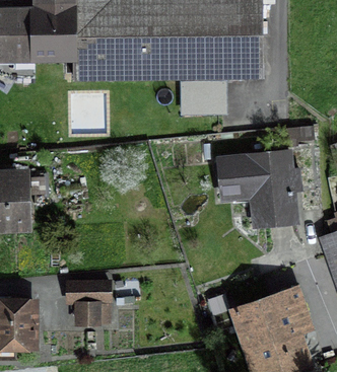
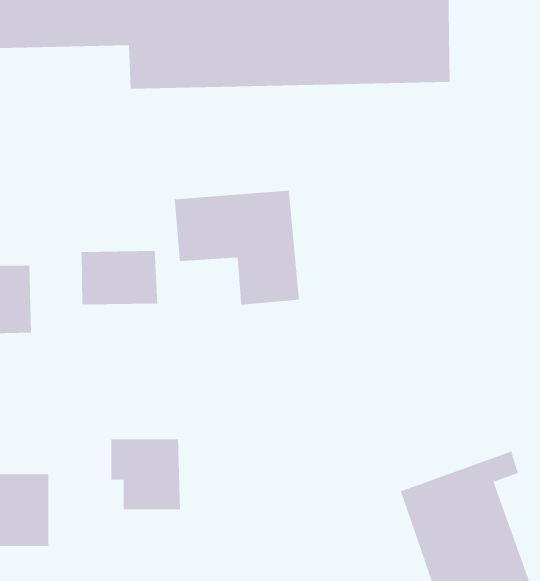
building: [182,82,221,111] -> none
building: [221,154,294,221] -> [174,190,300,306]
building: none -> [81,250,158,305]

